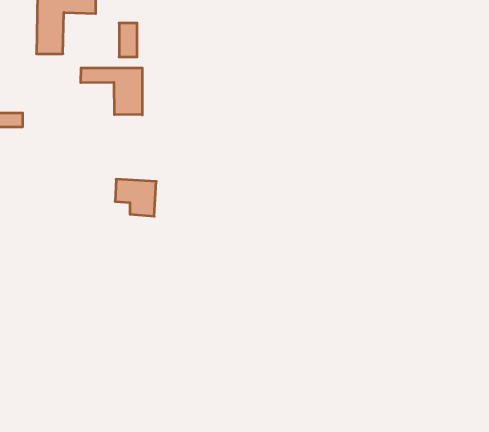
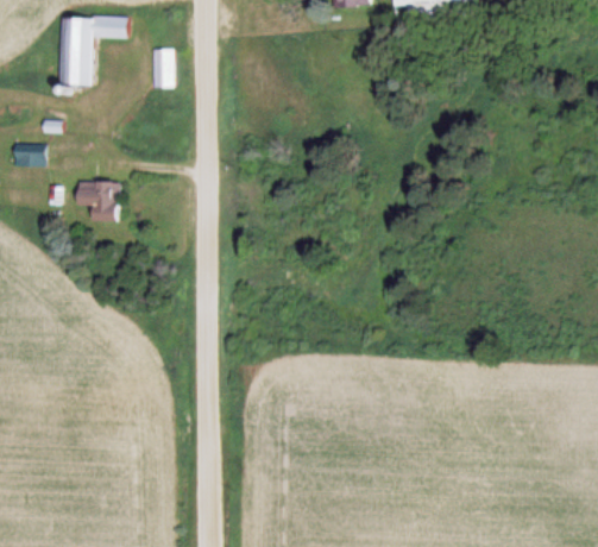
building: [81,68,142,115] -> none
building: [115,179,156,216] -> [74,178,120,220]

